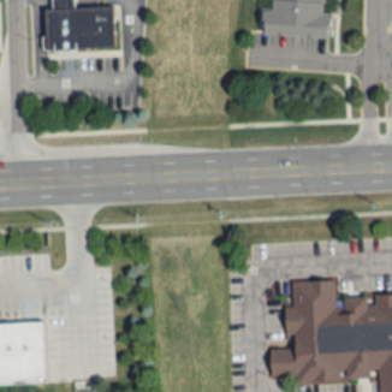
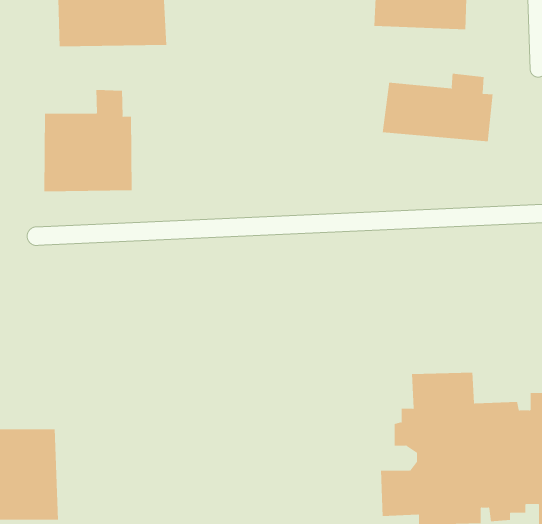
building: none -> [382,73,493,142]
building: none -> [44,89,132,192]

